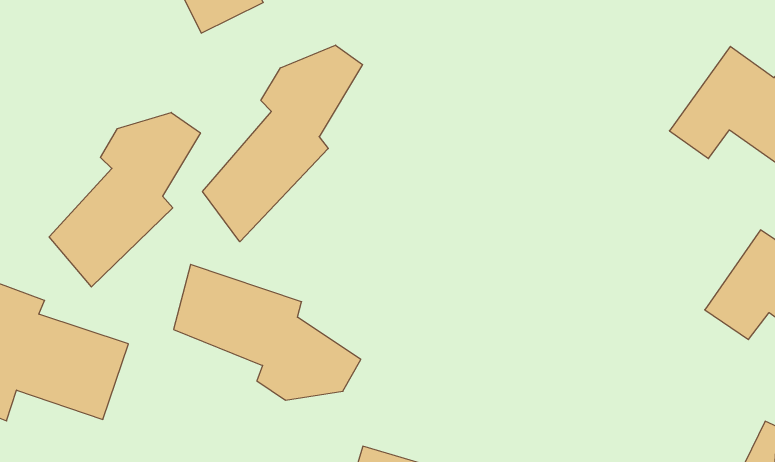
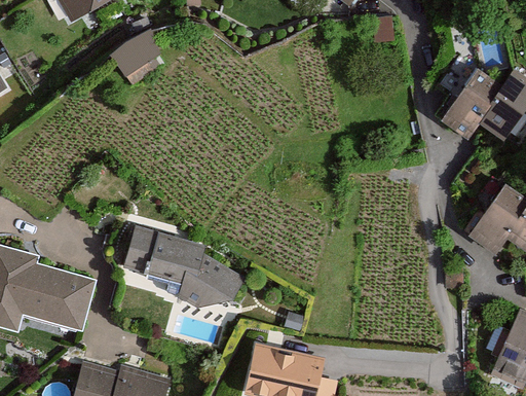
building: [203,45,363,242] -> none
building: [49,112,200,287] -> none

